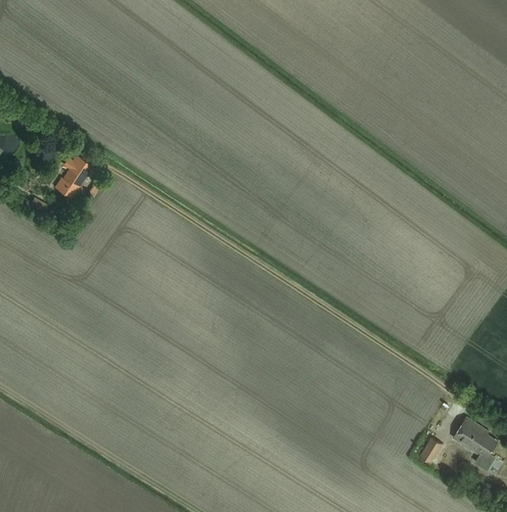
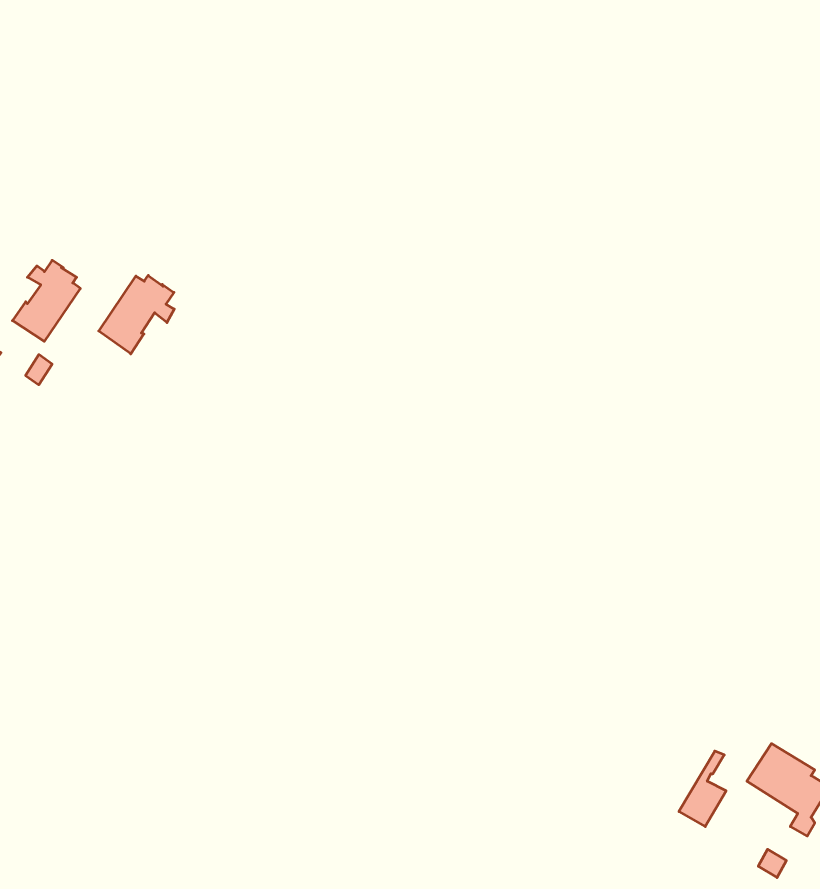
building: none -> [99,275,174,354]

